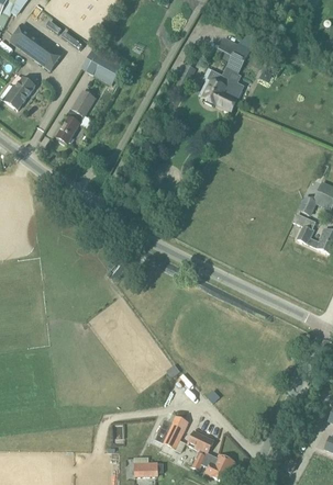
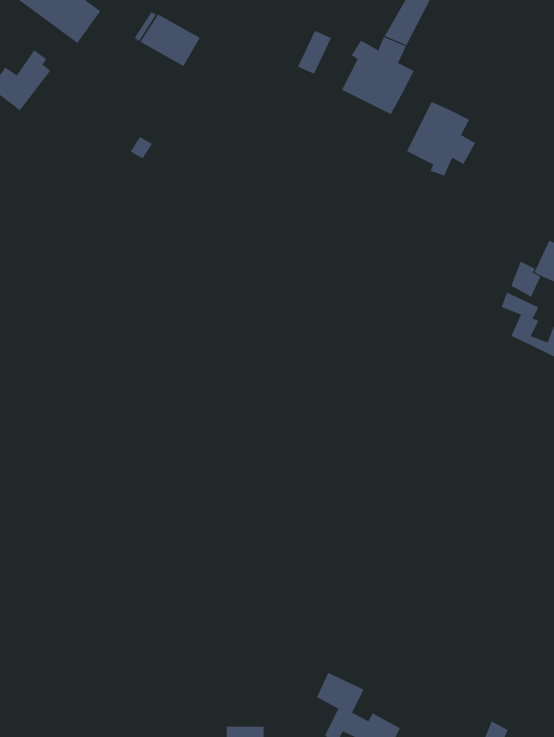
building: [56,90,96,144] -> none
building: none -> [406,101,476,177]
building: [154,415,189,450] -> none

